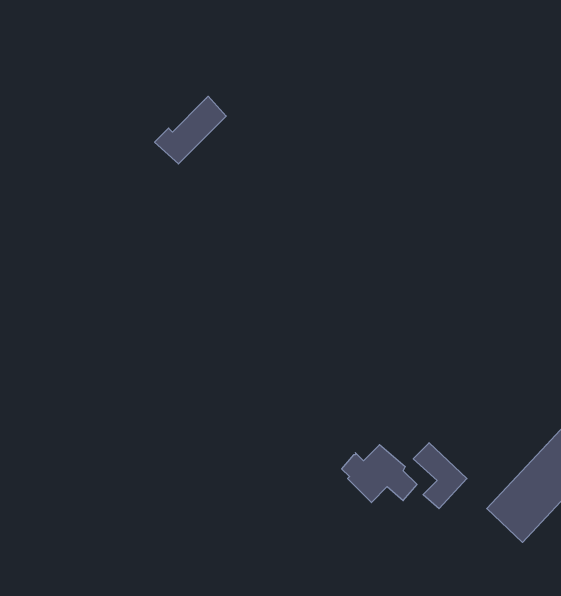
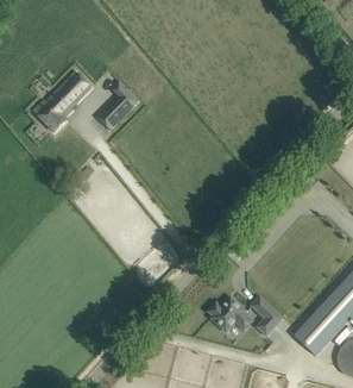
building: none -> [33,70,92,131]

